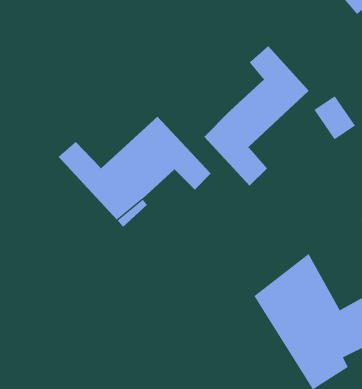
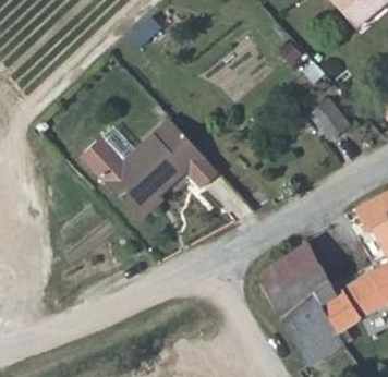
building: [204,45,310,187] -> none

